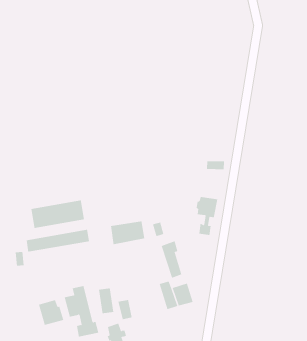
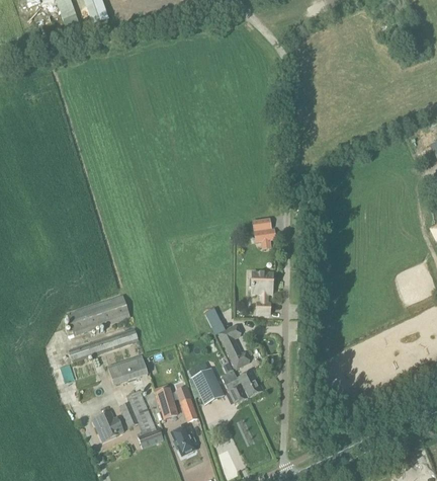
building: [110,221,145,245] -> [108,353,149,385]
building: none -> [192,367,225,403]

